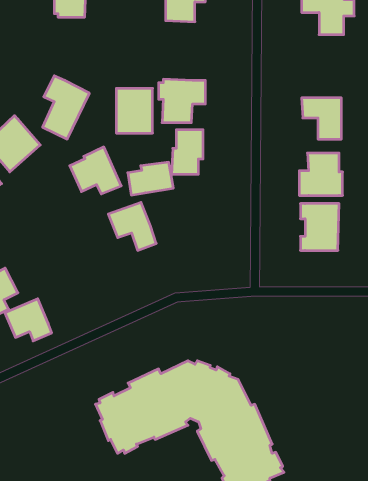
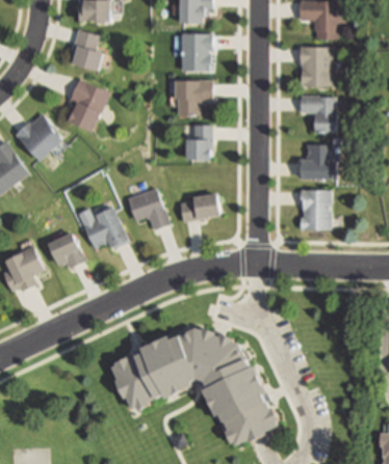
building: none -> [68,29,99,74]
building: none -> [297,46,330,87]
building: [116,88,153,133] -> [178,33,210,73]
building: [70,147,121,194] -> [81,208,127,249]
building: [128,162,173,195] -> [178,194,218,223]
building: [5,299,52,341] -> [45,233,86,270]

